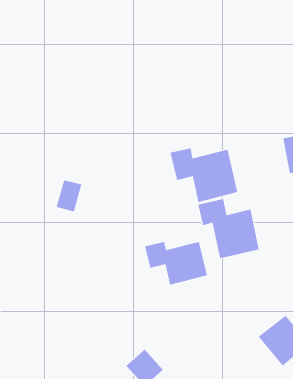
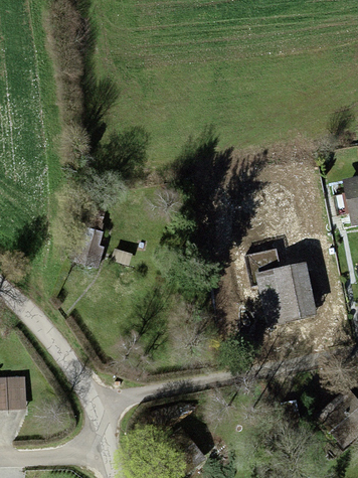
building: [170,147,238,203] -> none
building: [145,241,207,286] -> none

